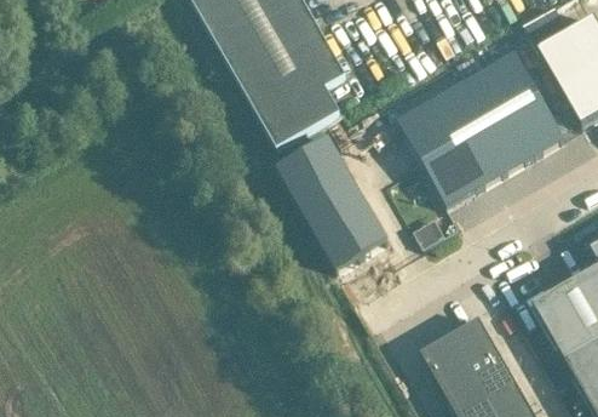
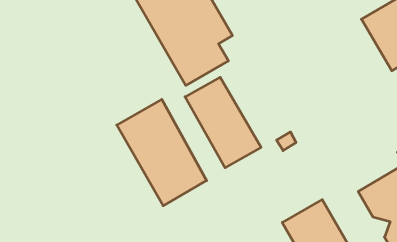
building: [398,52,564,206] -> none
building: none -> [117,99,207,206]

